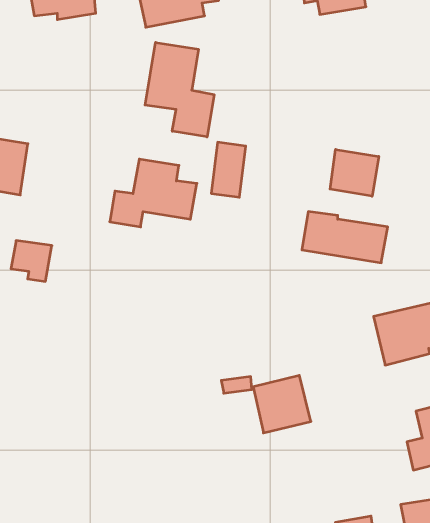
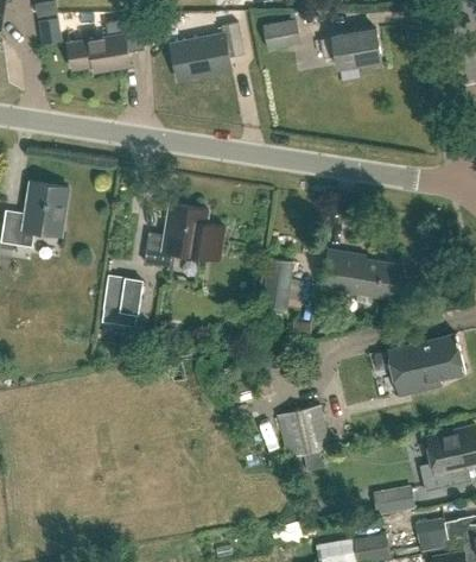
building: [145,42,214,137] -> none
building: [211,142,246,197] -> [262,259,294,310]
building: [330,149,379,196] -> none
building: [11,241,52,281] -> [104,276,142,314]
building: none -> [374,486,415,516]

